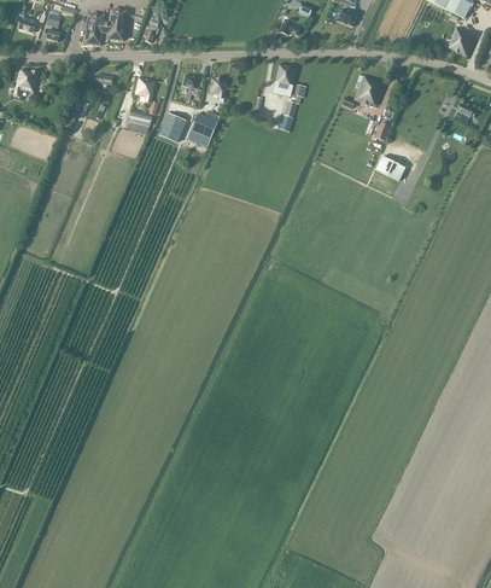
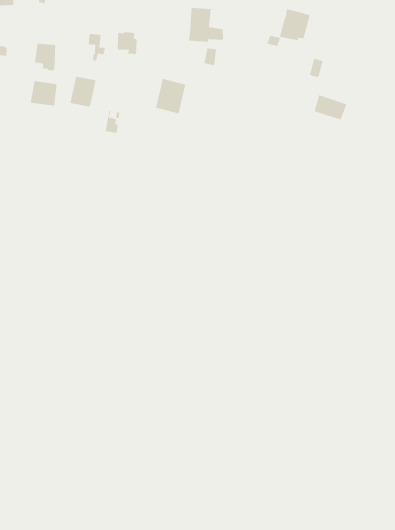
building: [187,112,217,146] -> [155,78,186,114]

